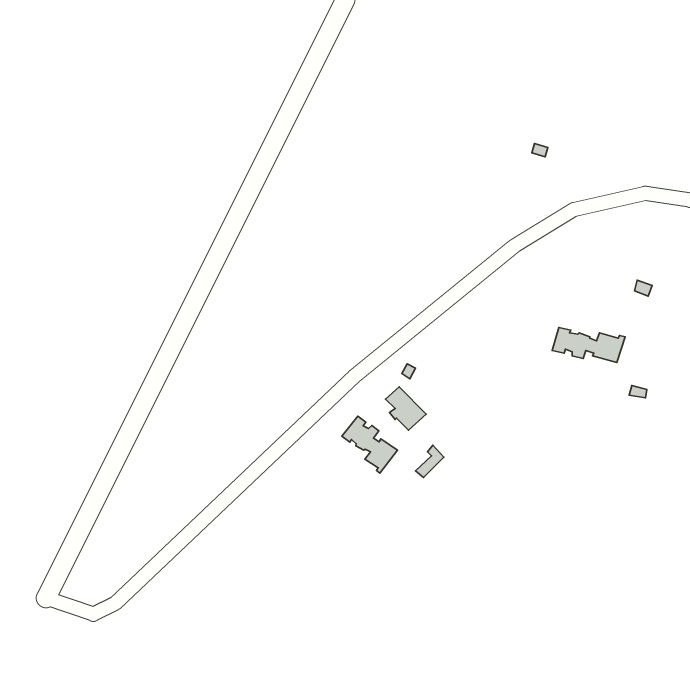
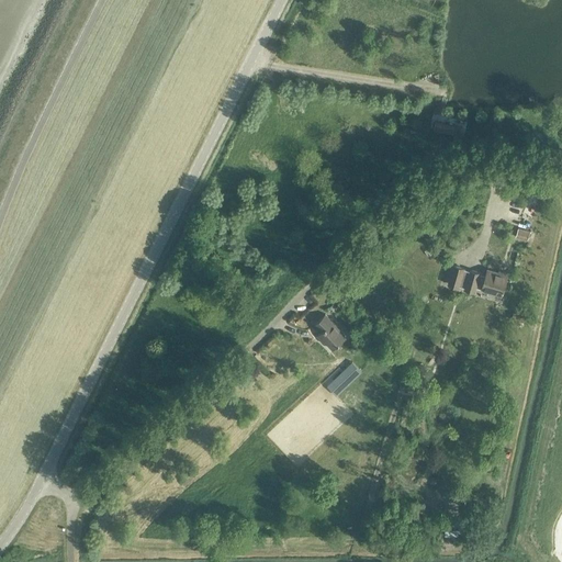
building: [342,416,398,473] -> none

